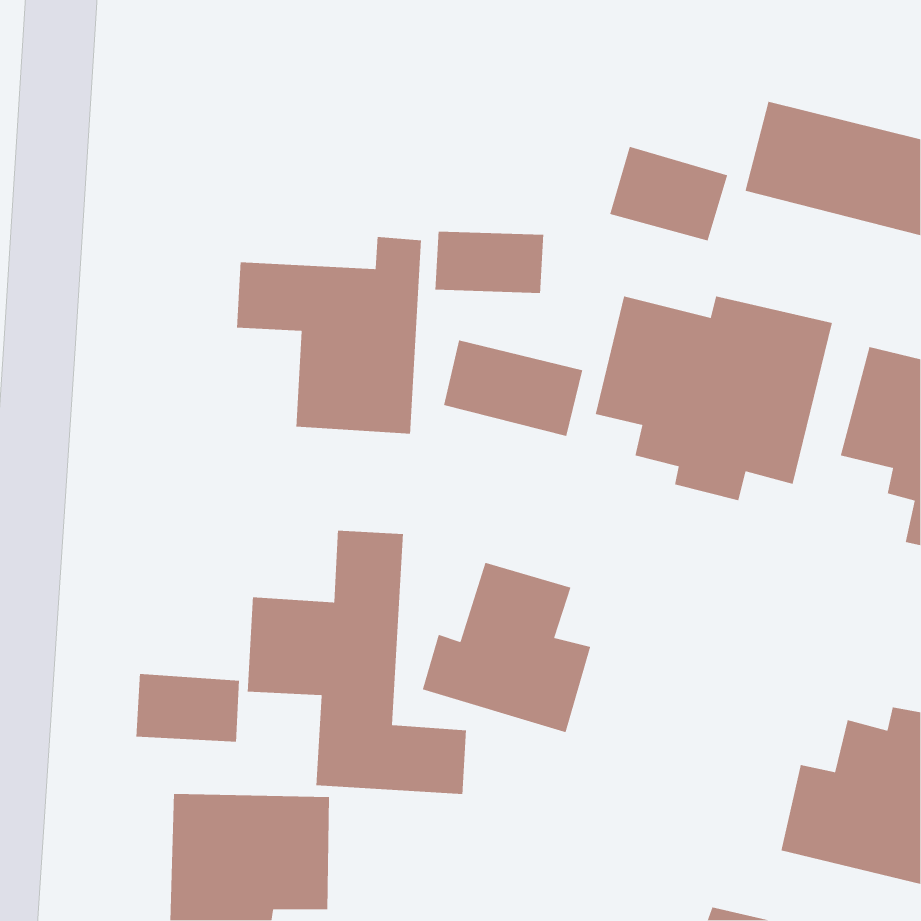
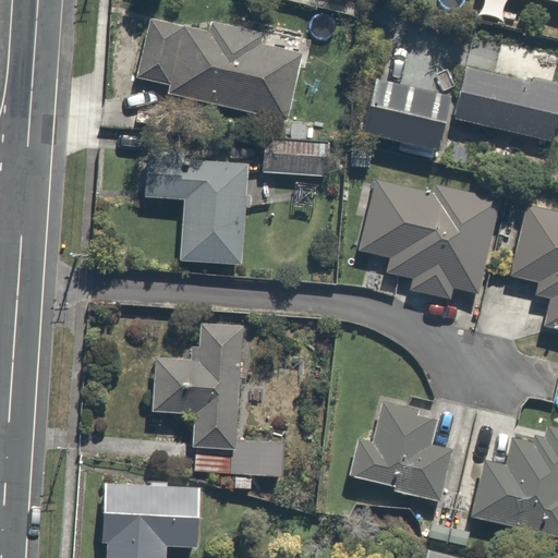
building: none -> [130,19,303,119]
building: [443,340,583,437] -> none
building: [422,562,591,733] -> [350,399,452,502]
building: [136,673,240,743] -> none

